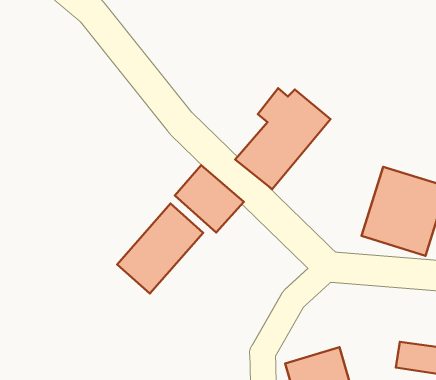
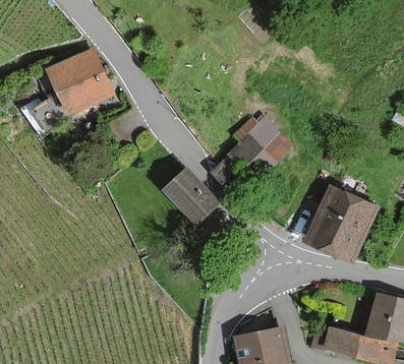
building: none -> [52,50,111,112]
building: [117,203,203,294] -> none

